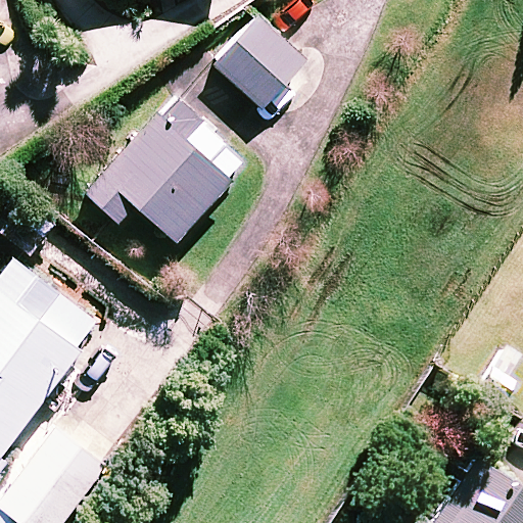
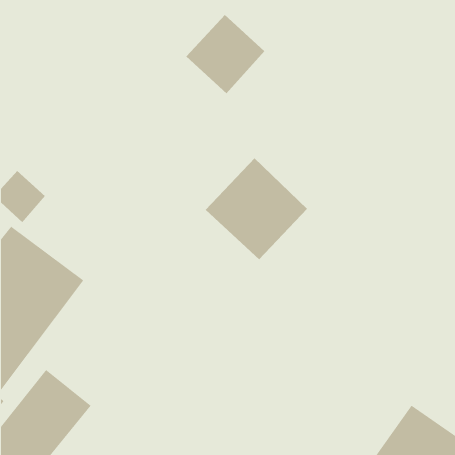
building: [85,97,230,242] -> none
building: none -> [205,157,308,260]

